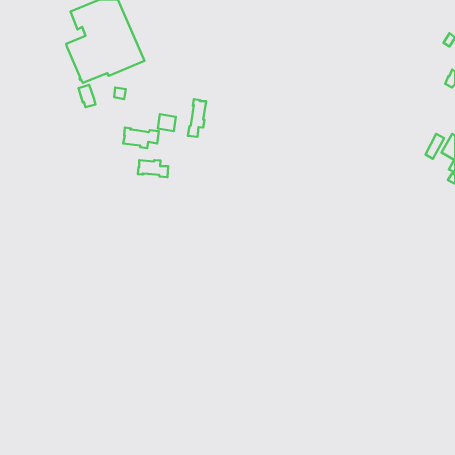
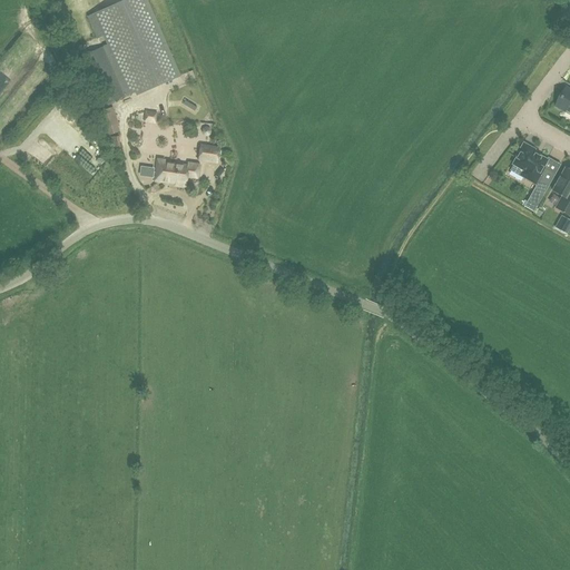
building: [188,99,206,137] -> none
building: none -> [512,144,544,181]
building: [138,160,168,177] -> none

